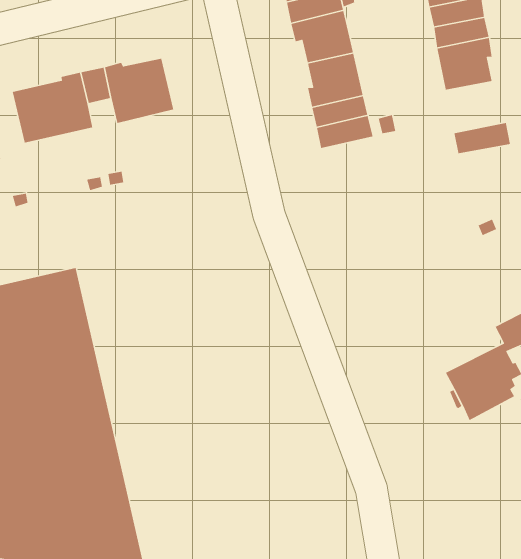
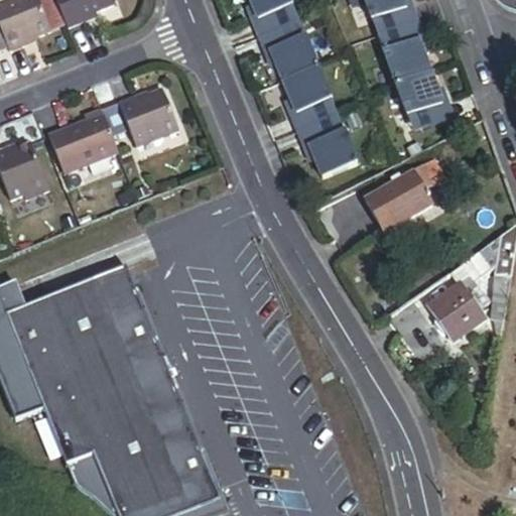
building: none -> [393,68,445,113]
building: none -> [302,126,356,172]
building: none -> [365,154,445,229]

